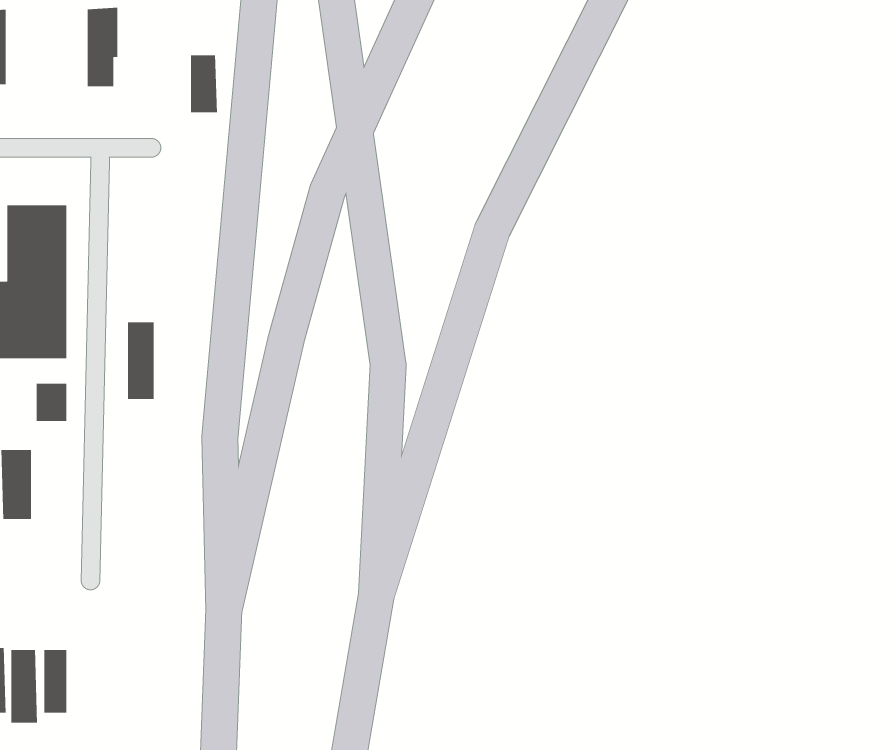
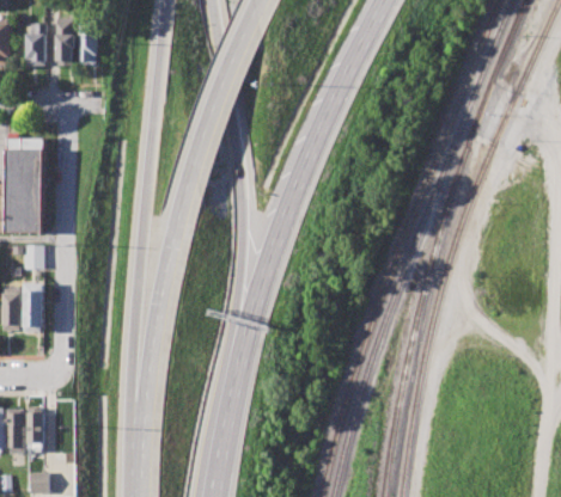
building: none -> [25,23,44,65]
building: [190,54,218,113] -> [79,29,96,65]
building: [127,321,155,400] -> [25,284,42,332]

